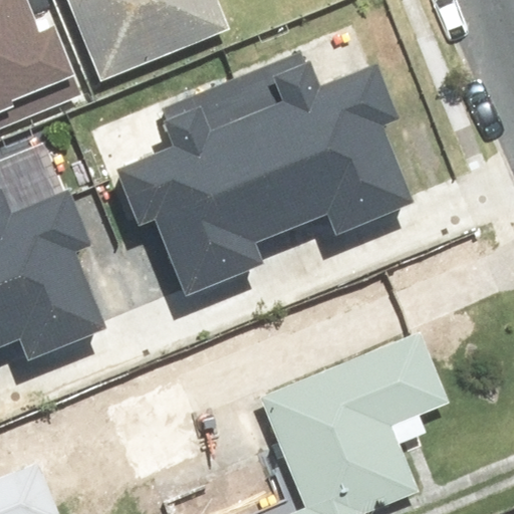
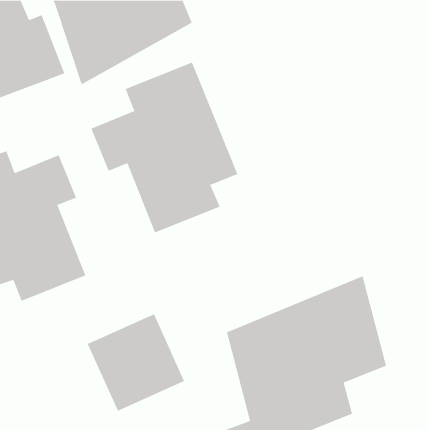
building: [229,43,404,222] -> none

